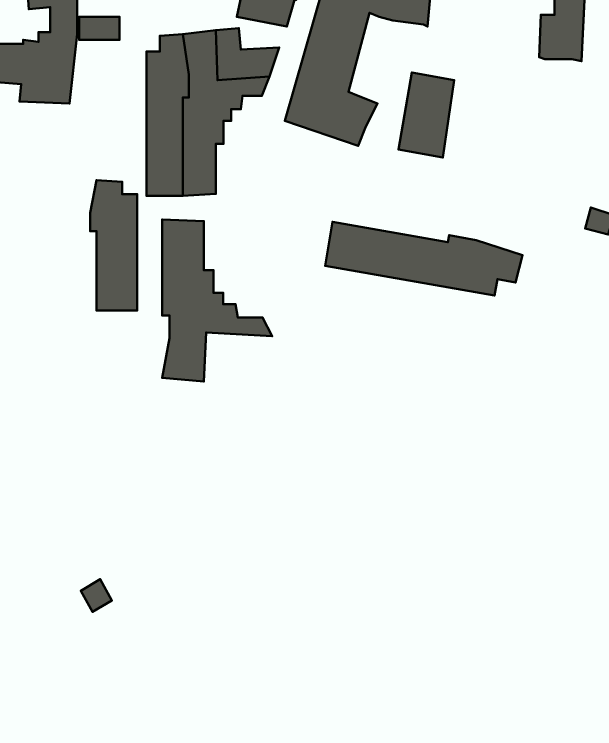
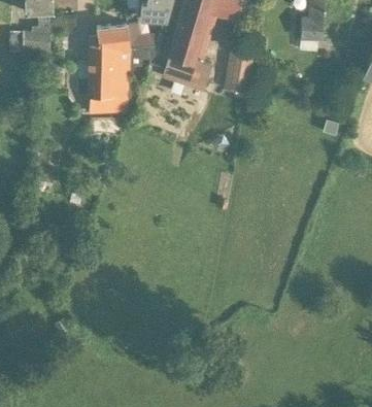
building: [90,180,137,310] -> none
building: [162,219,272,382] -> none
building: [325,222,523,295] -> none

